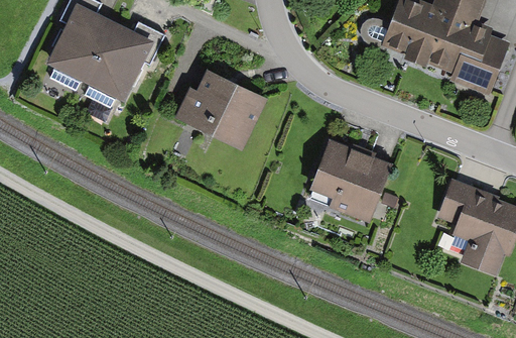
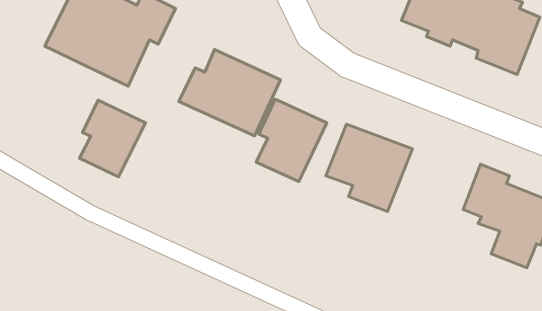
building: none -> [256,99,327,182]
building: none -> [80,100,145,177]

